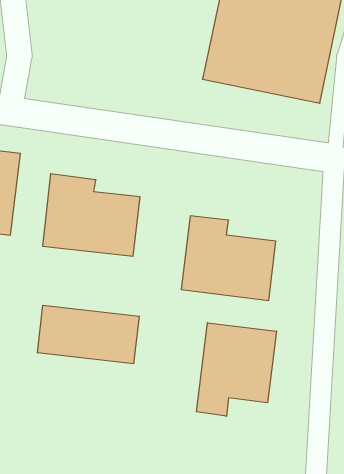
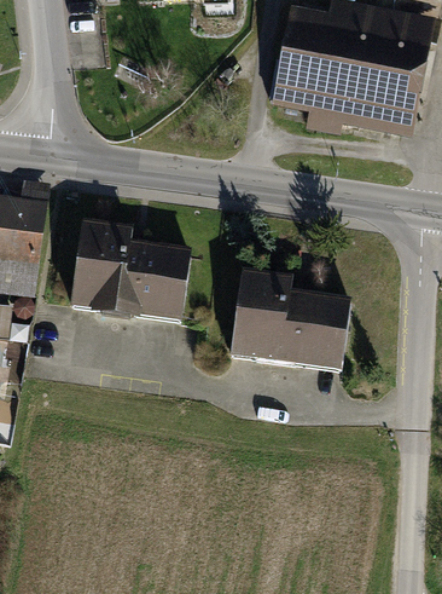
building: [37,305,139,364] -> none
building: [196,323,276,416] -> none

